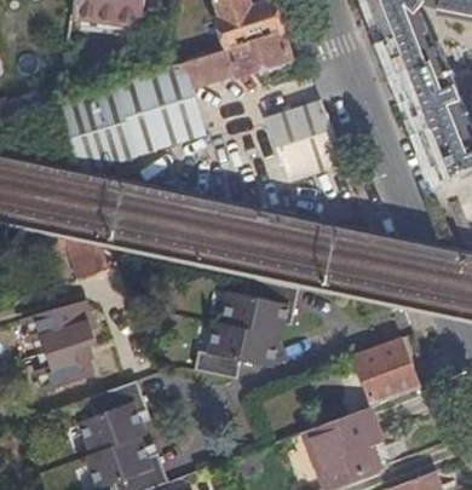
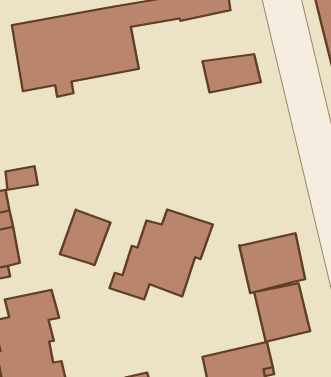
building: [278,129,346,181] -> none
building: none -> [239,233,305,293]
building: none -> [60,209,110,265]

